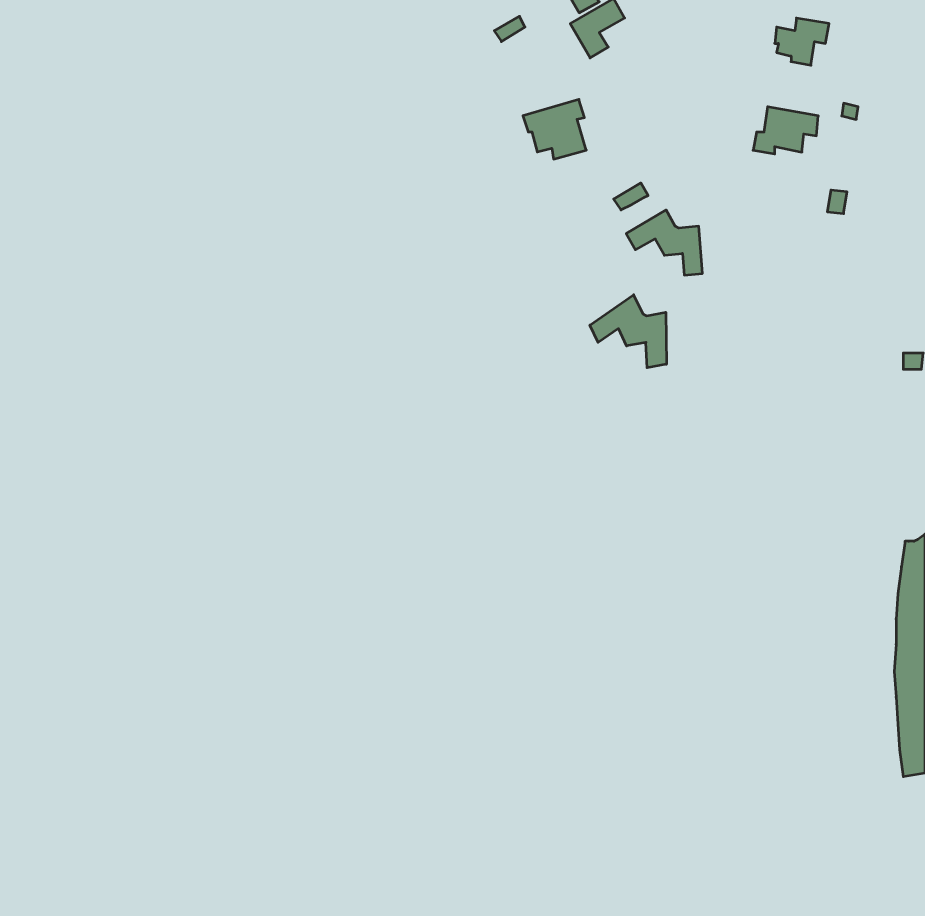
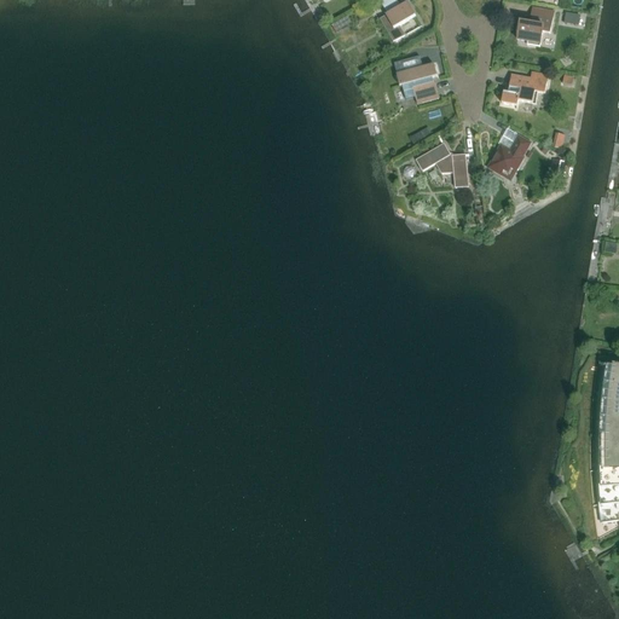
building: [523,99,586,159] -> [398,60,440,100]
building: none -> [490,132,532,177]
building: [590,295,666,368] -> none

